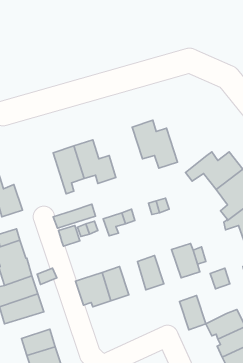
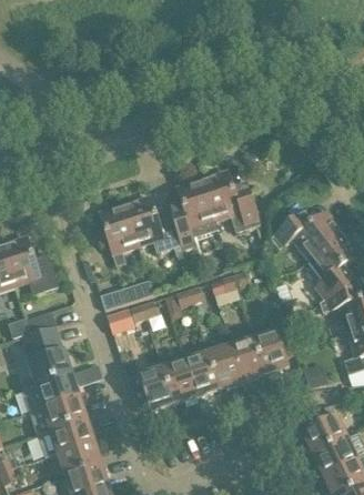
building: none -> [171,179,218,250]
building: none -> [184,353,219,396]
building: [179,296,206,330] -> [230,337,264,382]
building: none -> [36,418,94,457]

